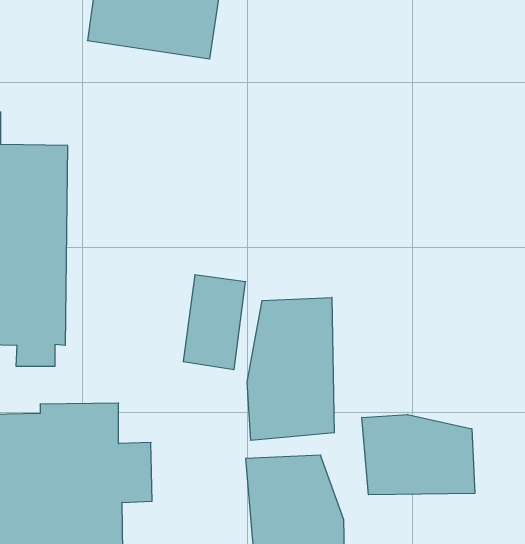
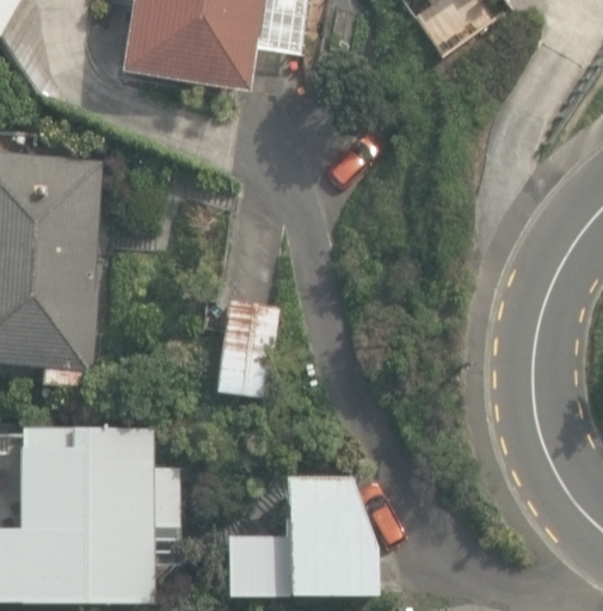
building: [247,297,334,440] -> none
building: [362,414,475,495] -> none

